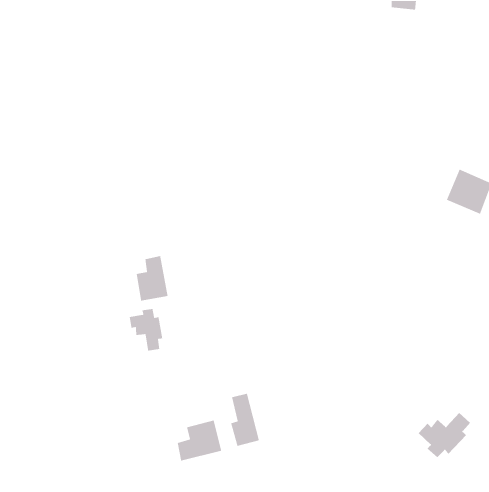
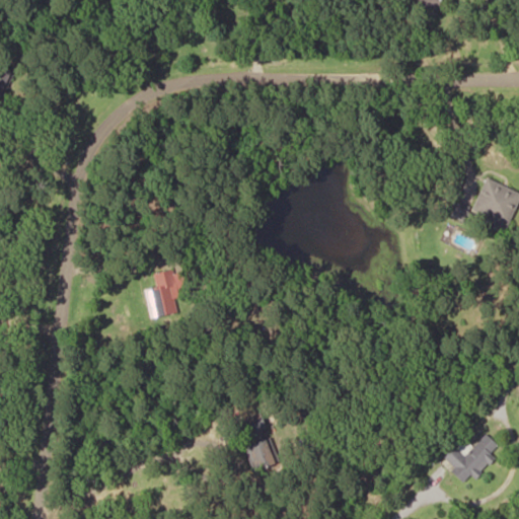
building: [129,308,163,351] -> none
building: [177,420,222,461] -> none

